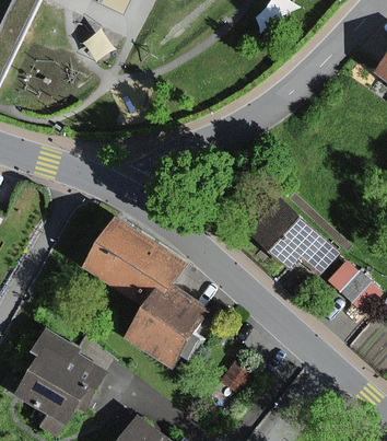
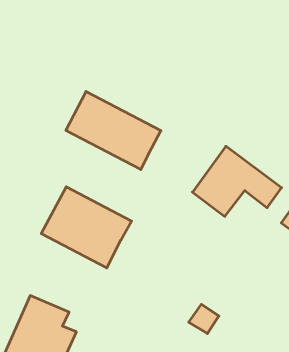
building: none -> [66,91,161,170]
building: [127,279,208,363] -> none

